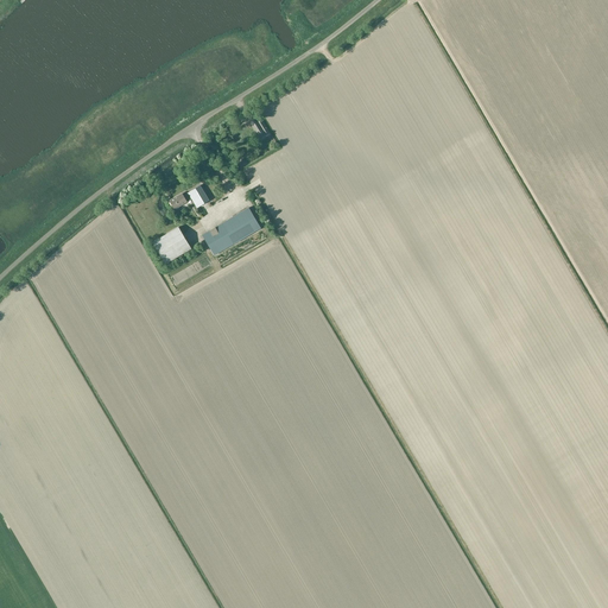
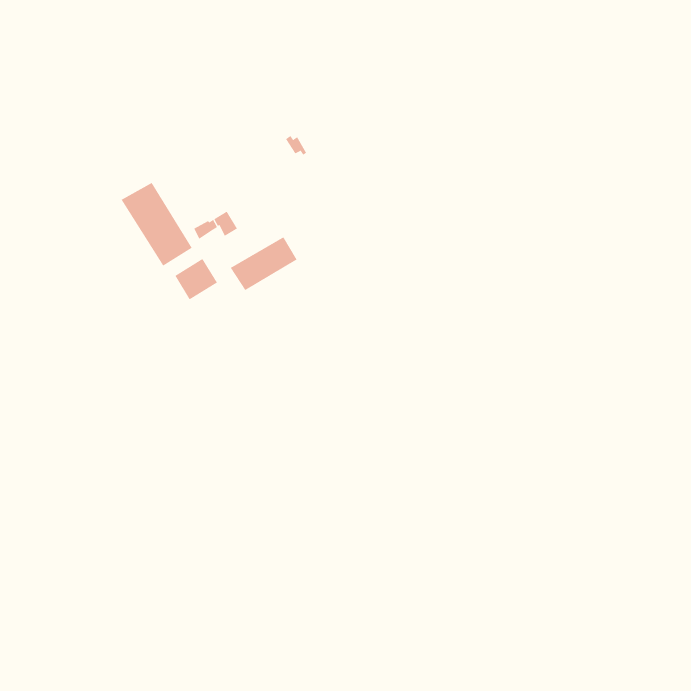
building: none -> [121,182,193,266]

